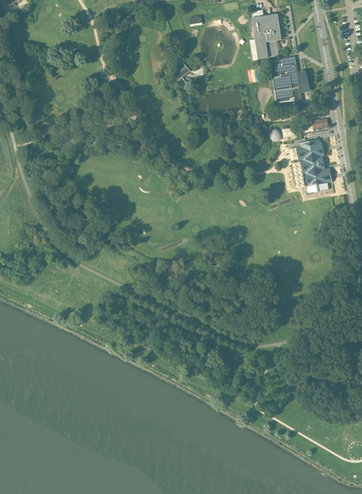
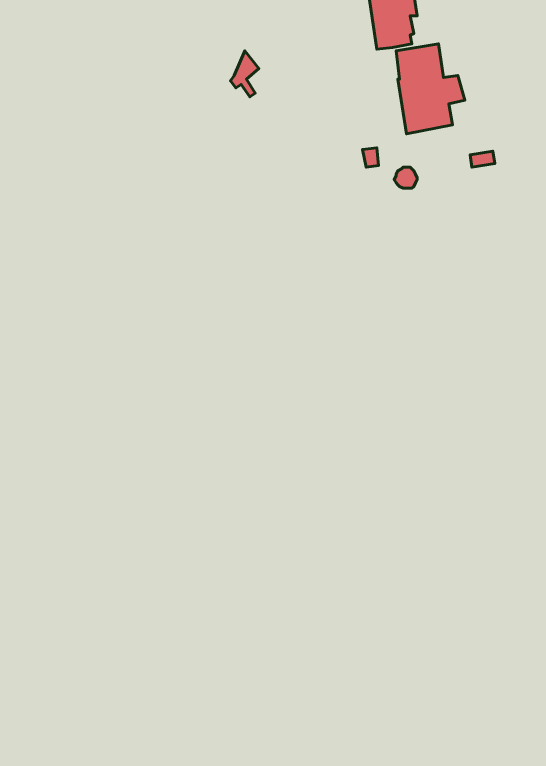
building: [298,138,332,192] -> none

